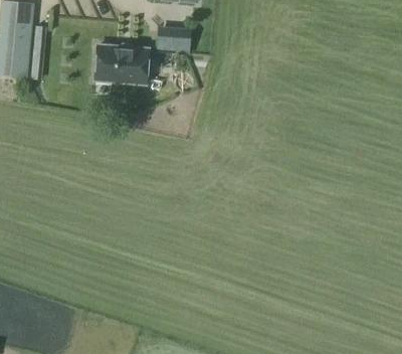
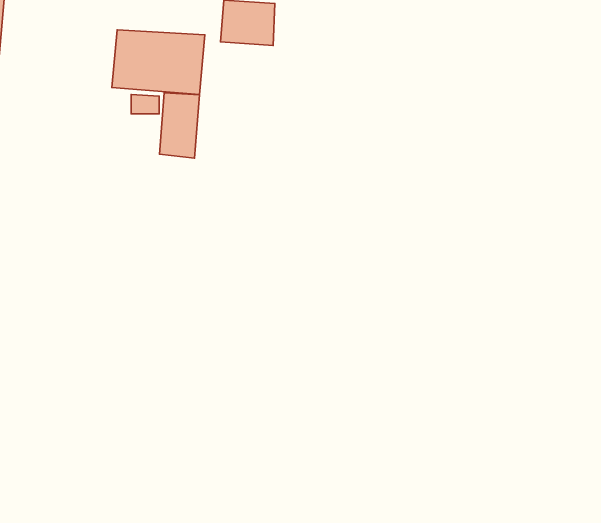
building: none -> [160,93,199,158]

